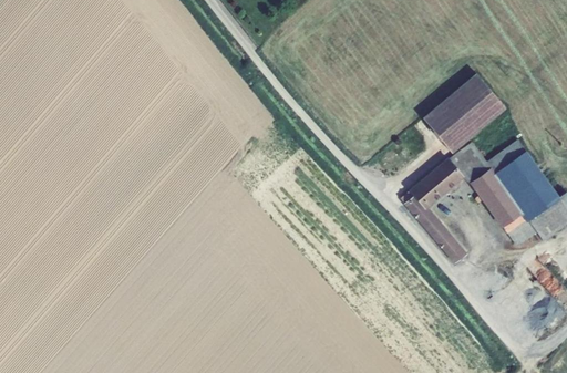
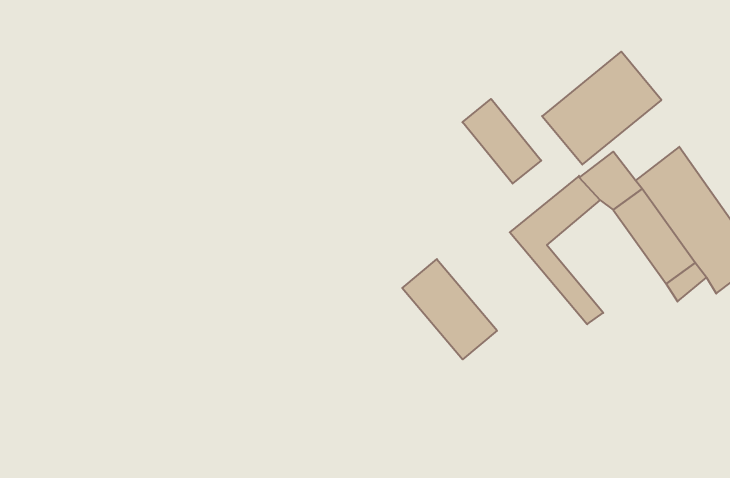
building: none -> [462,99,541,184]
building: none -> [402,259,497,359]

